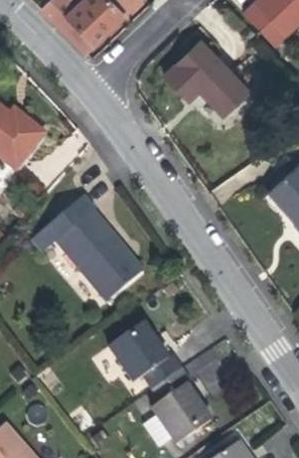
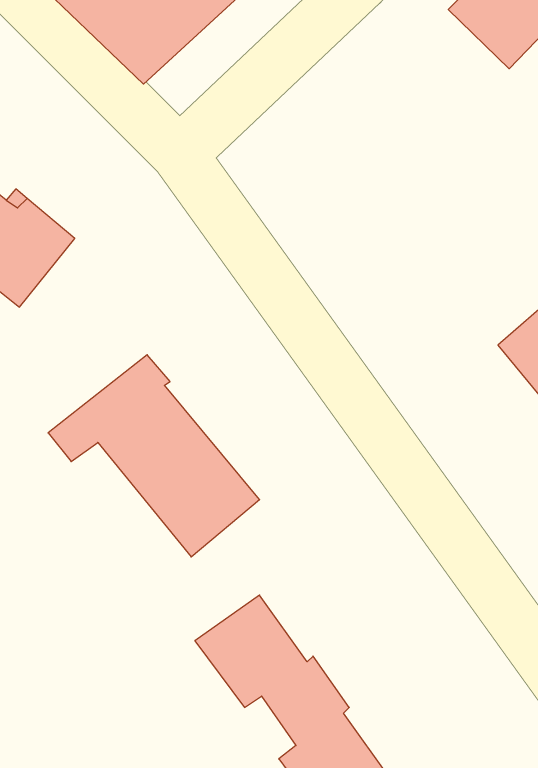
building: [165,40,249,114] -> none

